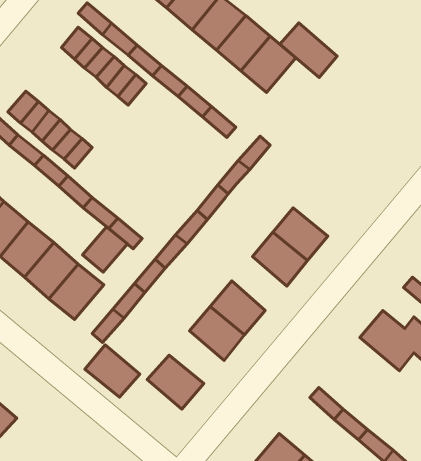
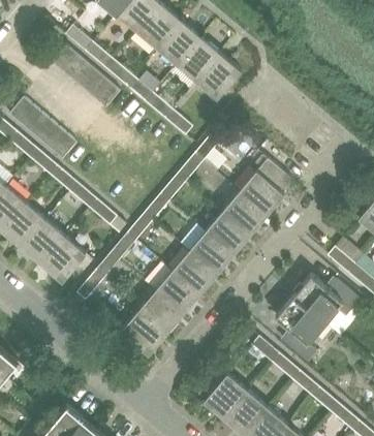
building: [280,23,337,78] -> none
building: none -> [239,158,291,215]
building: [82,227,127,272] -> none
building: none -> [189,231,233,275]
building: none -> [275,297,324,363]
building: [85,345,140,397] -> [138,291,183,334]

